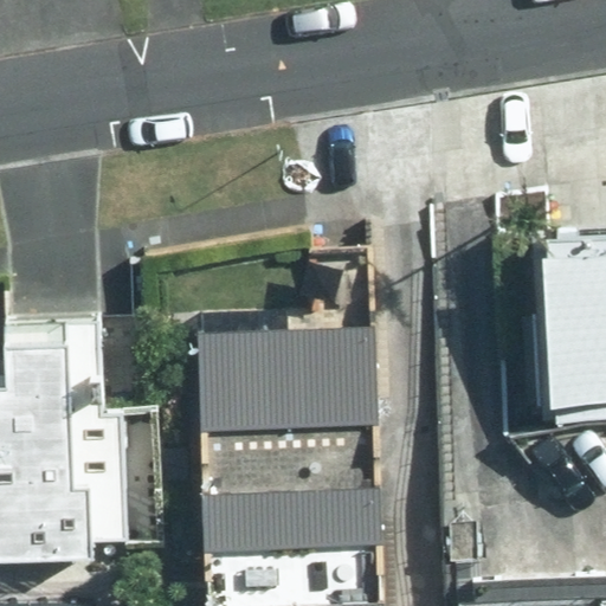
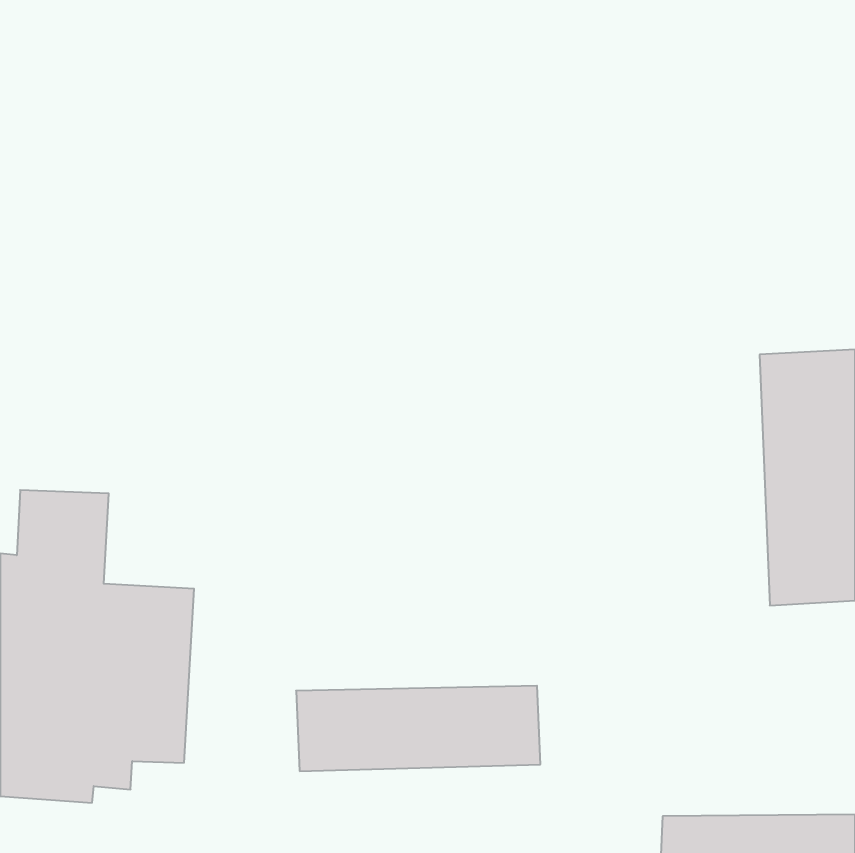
building: [206,331,376,427] -> none

